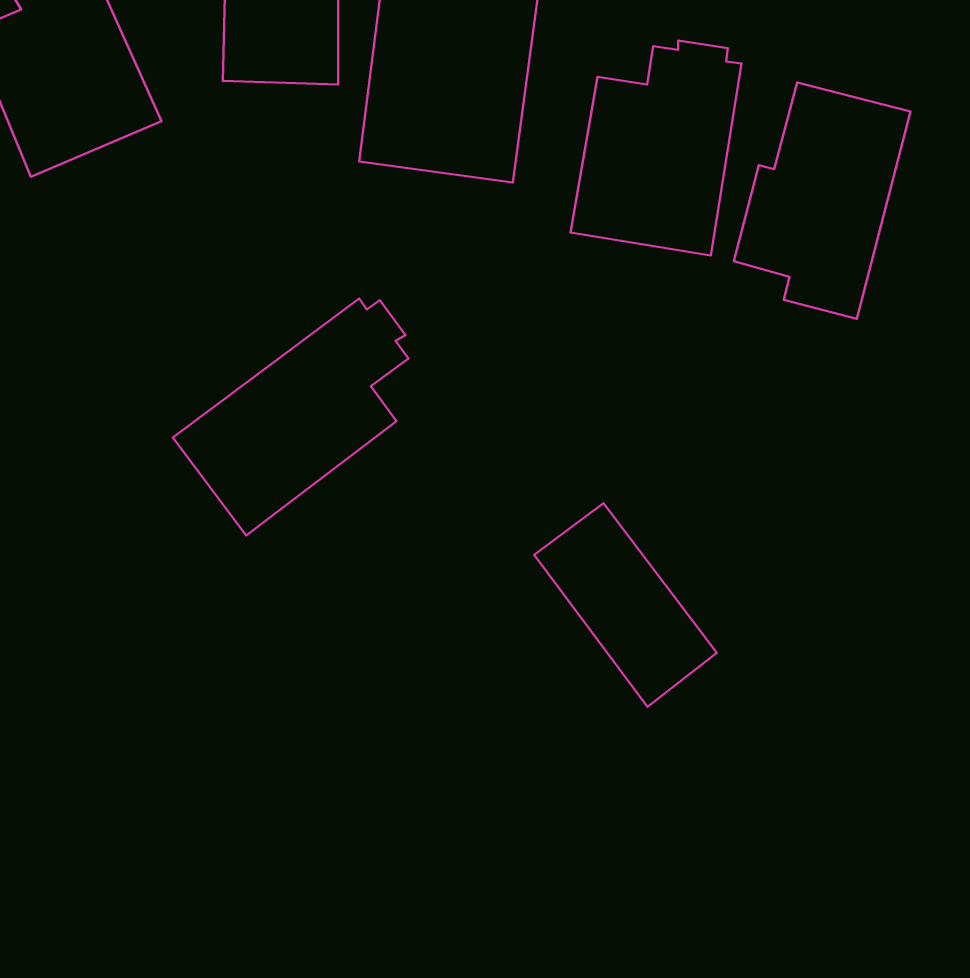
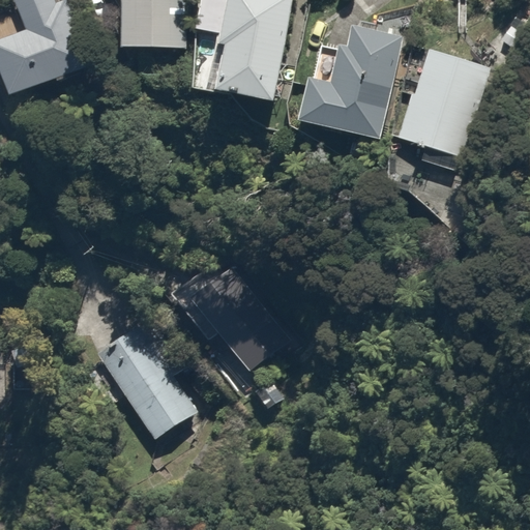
building: [173,298,408,535] -> none
building: [534,503,717,707] -> [180,273,278,383]
building: none -> [94,322,198,436]

